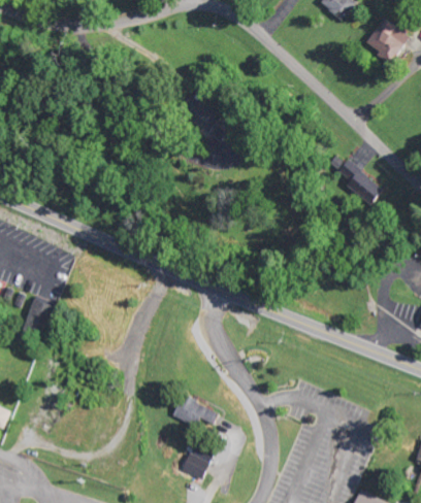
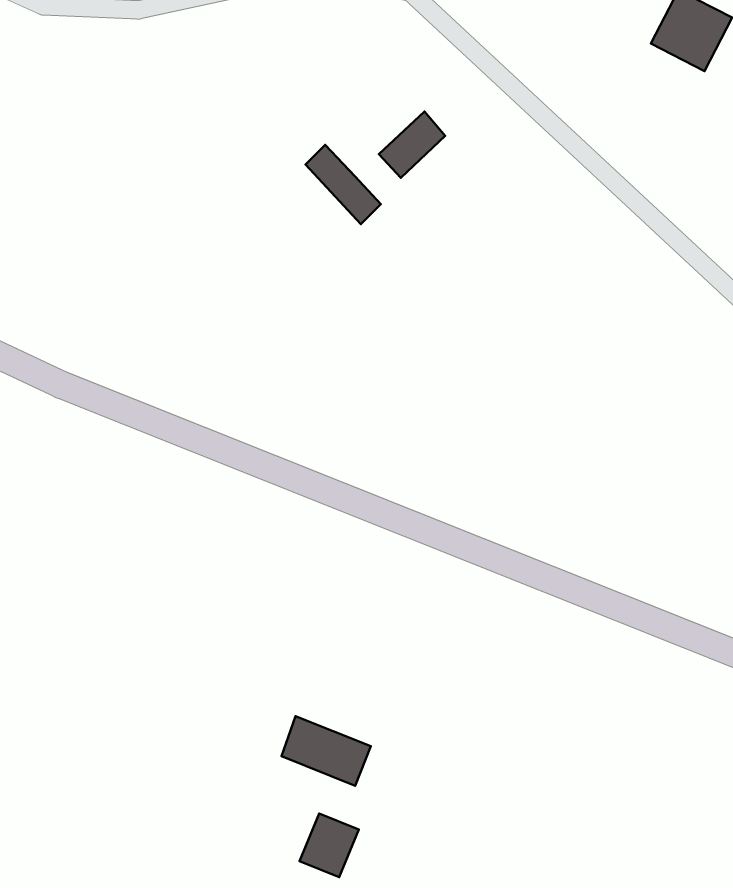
building: none -> [379,112,445,178]
building: [327,158,380,203] -> none

